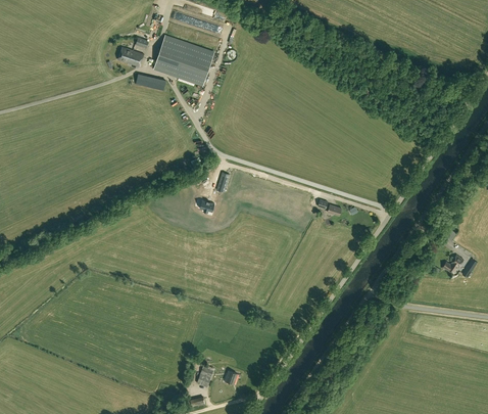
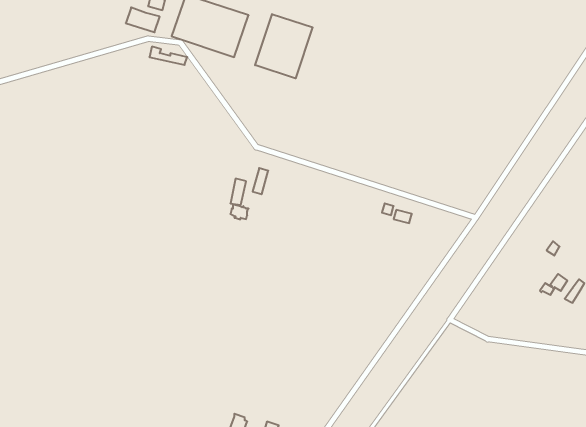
building: none -> [255,14,313,78]

